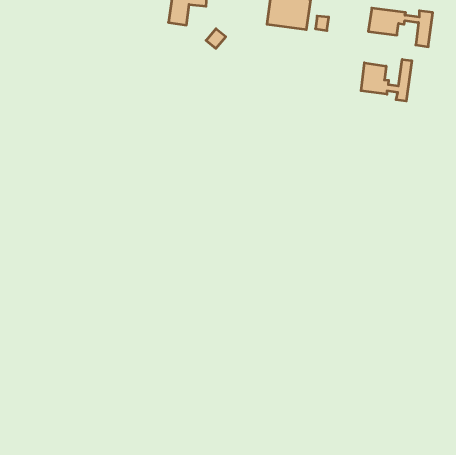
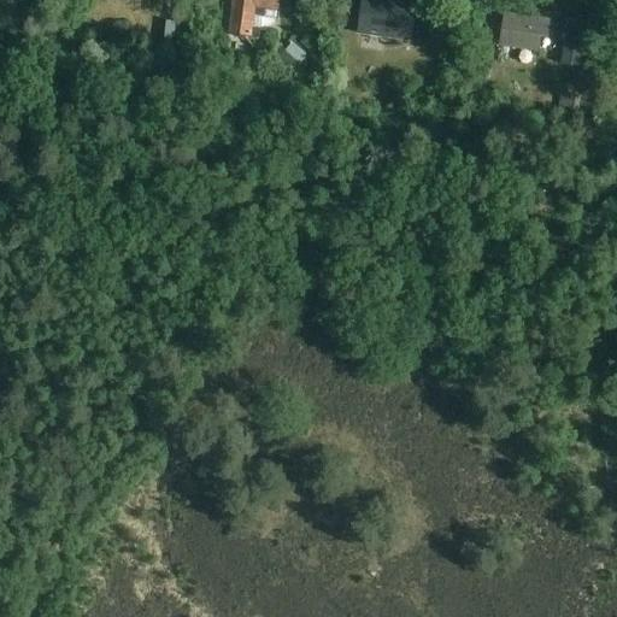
building: [361,59,412,101] -> none

